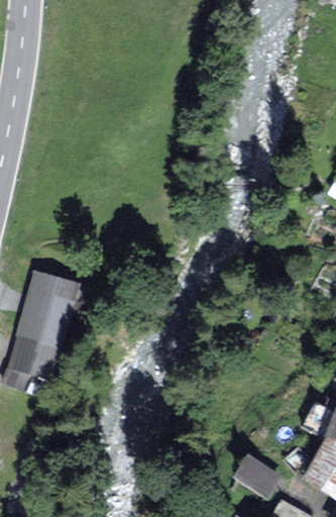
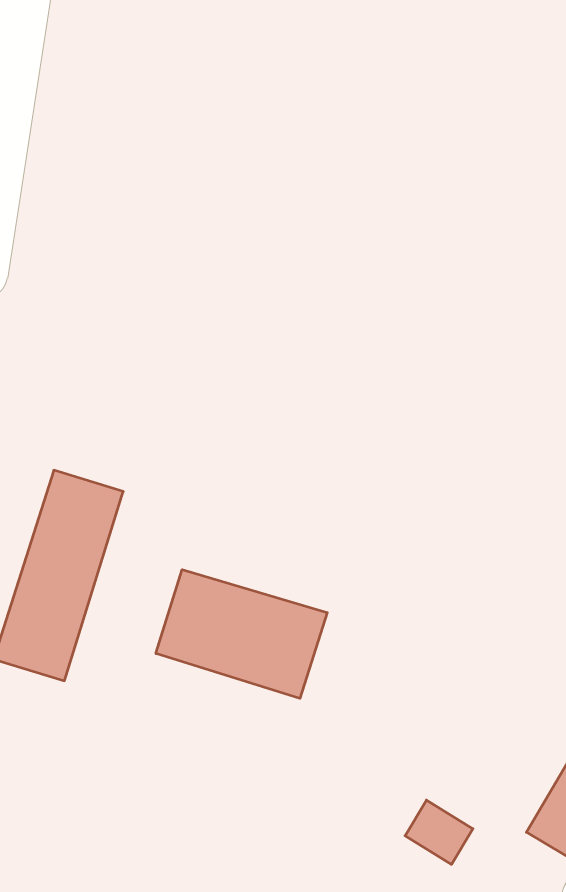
building: none -> [156,570,327,698]

